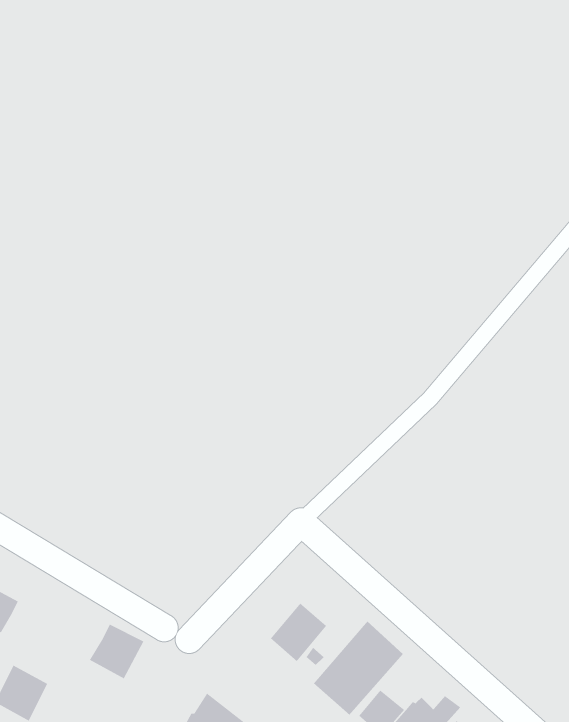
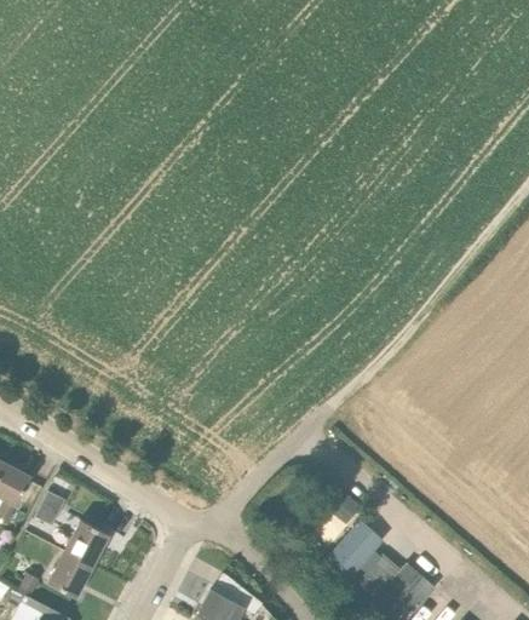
building: [270,602,327,662] -> none
building: [89,624,145,679] -> [64,521,110,567]

